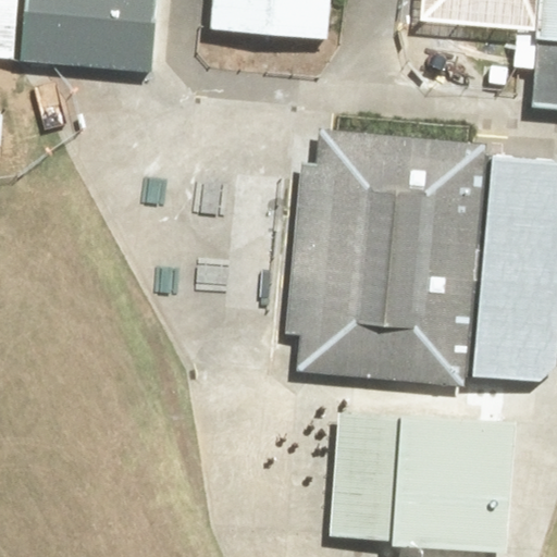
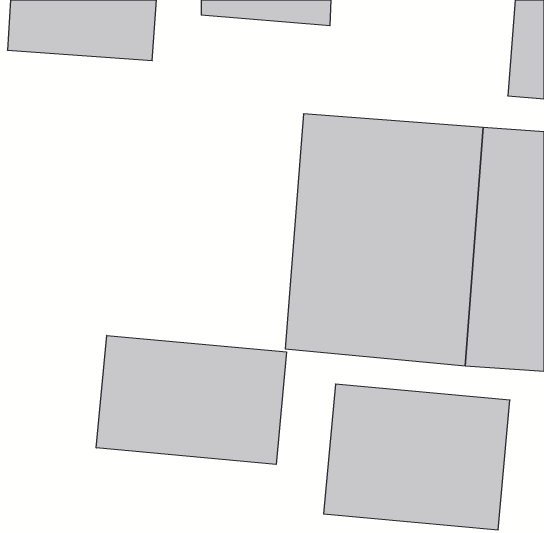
building: none -> [96,335,286,464]

